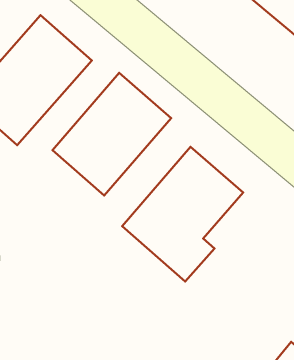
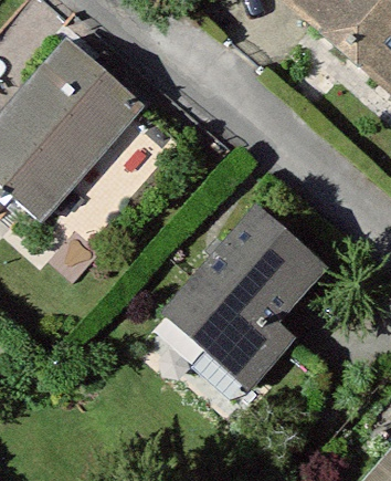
building: [52,73,171,195] -> none

